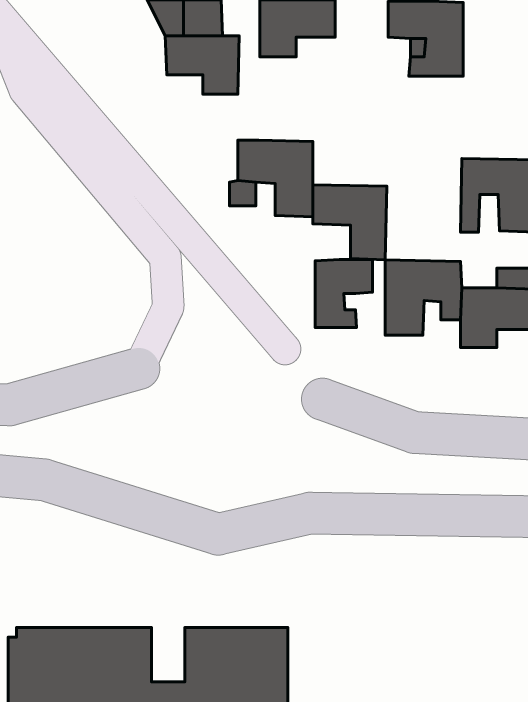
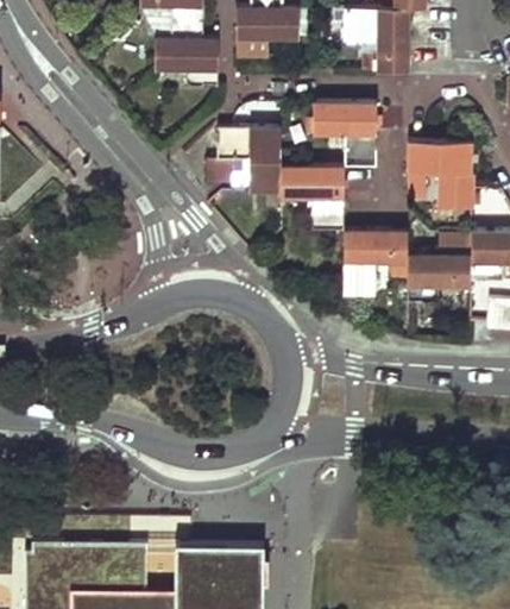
building: none -> [314,102,376,165]
building: [315,259,372,327] -> none

